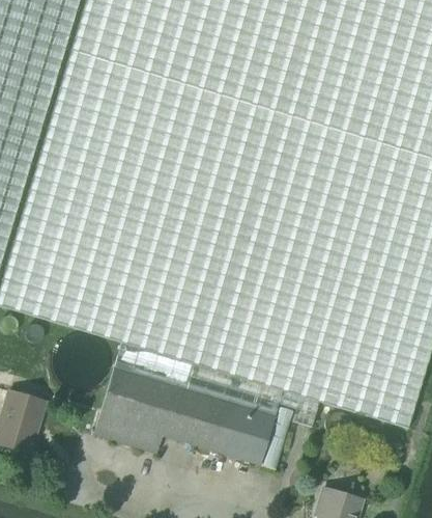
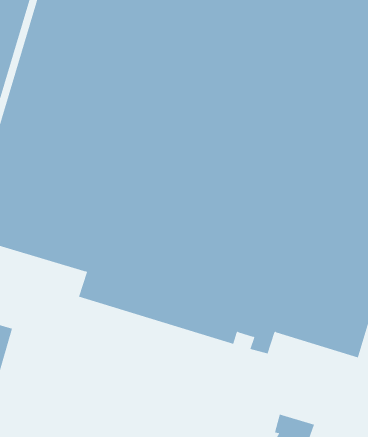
building: [92,366,275,467] -> none

